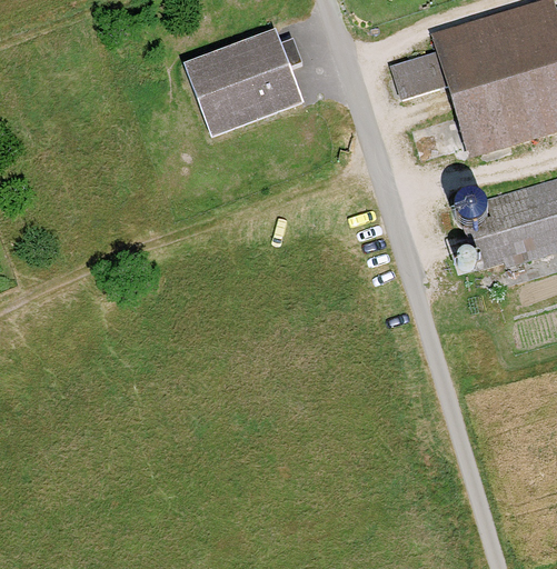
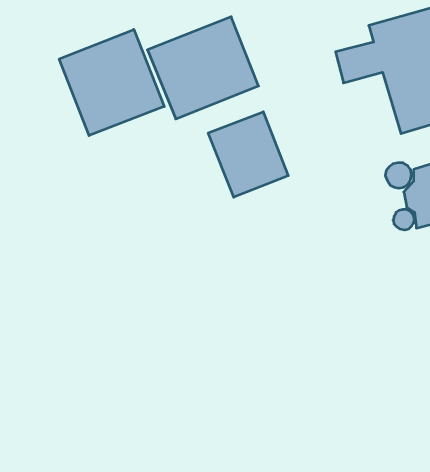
building: none -> [59,29,164,136]
building: none -> [208,112,288,197]

